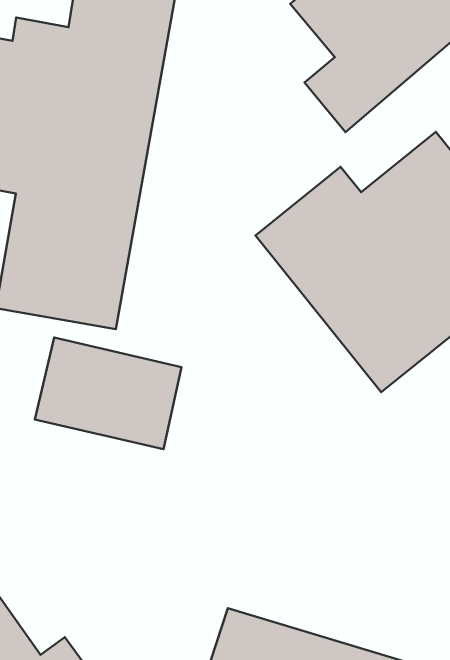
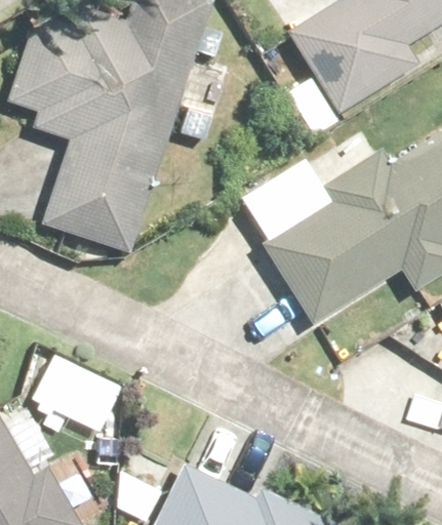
building: [35,337,182,449] -> [30,357,142,449]

